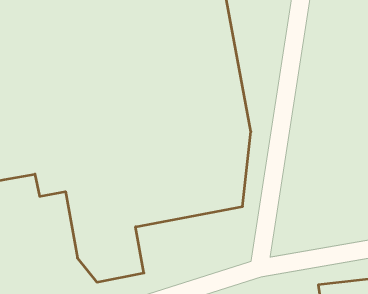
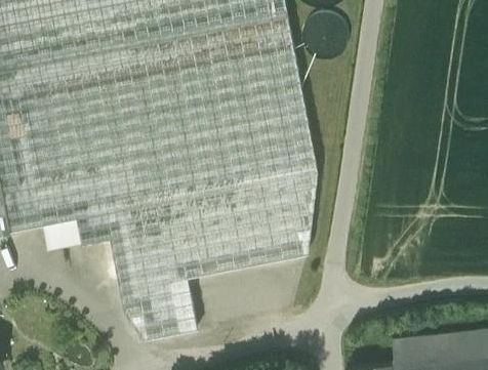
building: none -> [42,217,82,249]

